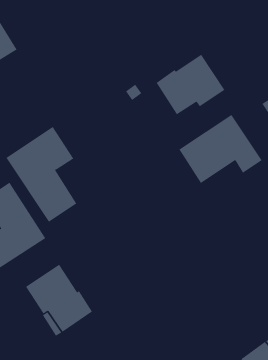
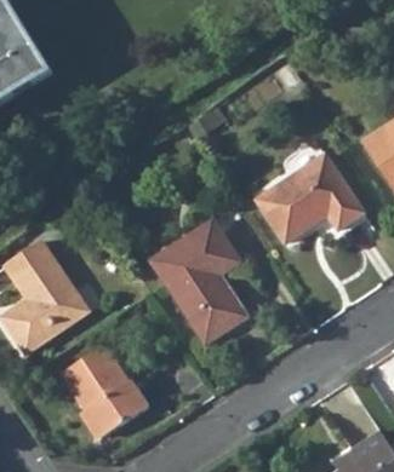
building: [156,54,225,115] -> none
building: [6,126,77,222] -> [150,219,241,341]

